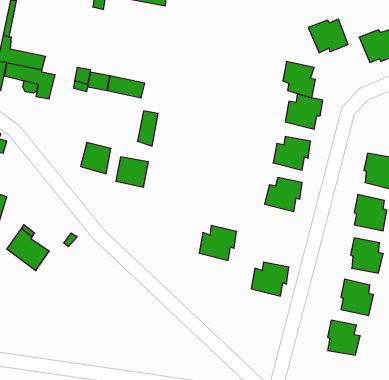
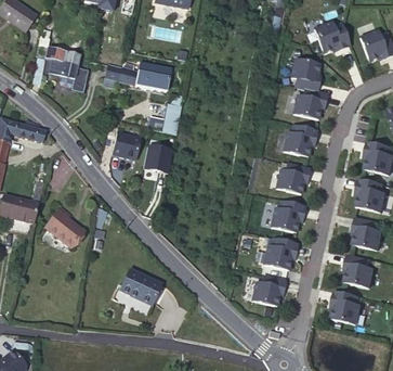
building: [199,225,237,260] -> [271,200,304,231]
building: none -> [119,269,159,304]
building: none -> [252,274,286,305]

